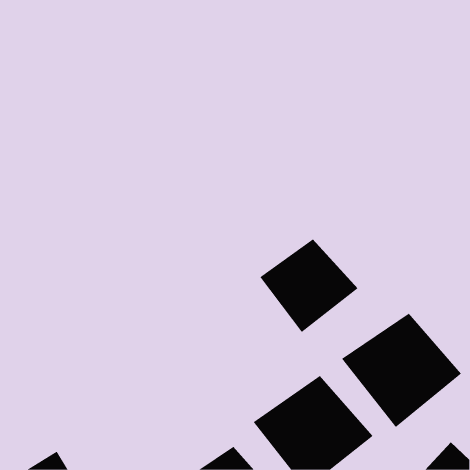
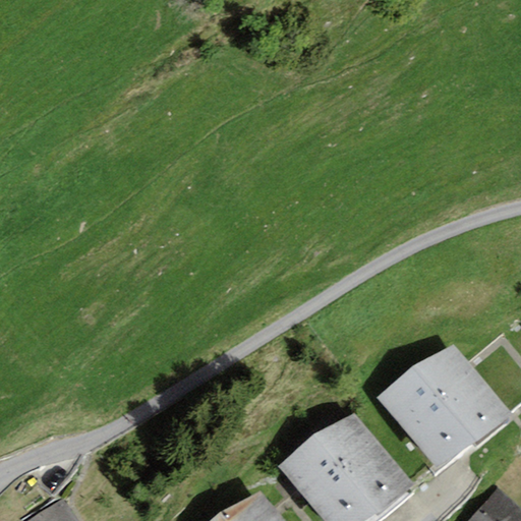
building: [259,238,358,333] -> none

